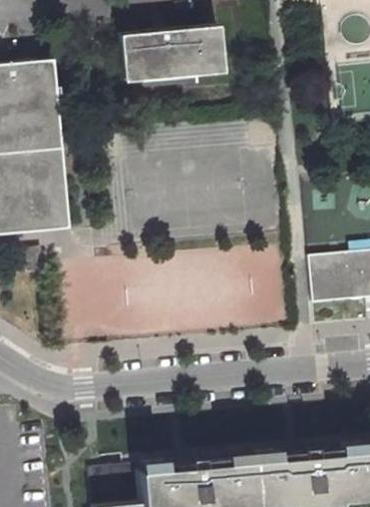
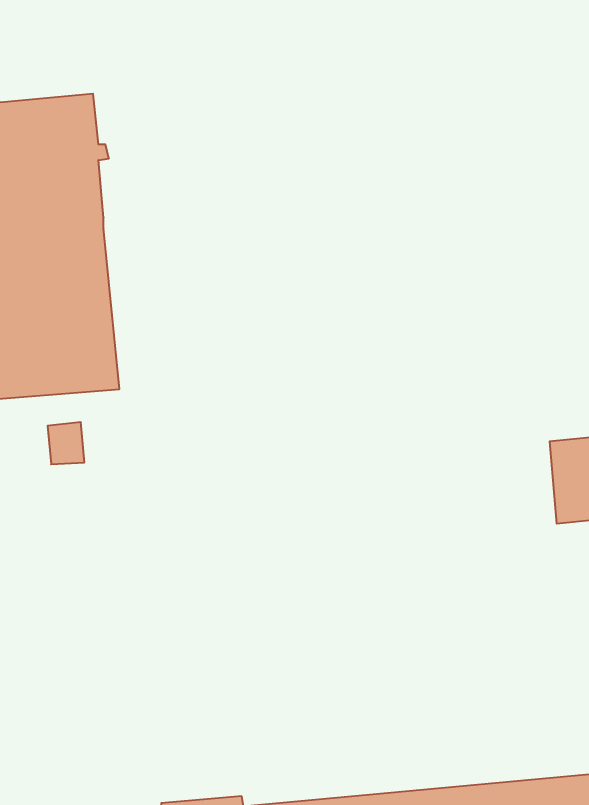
building: [123,30,226,85] -> none

